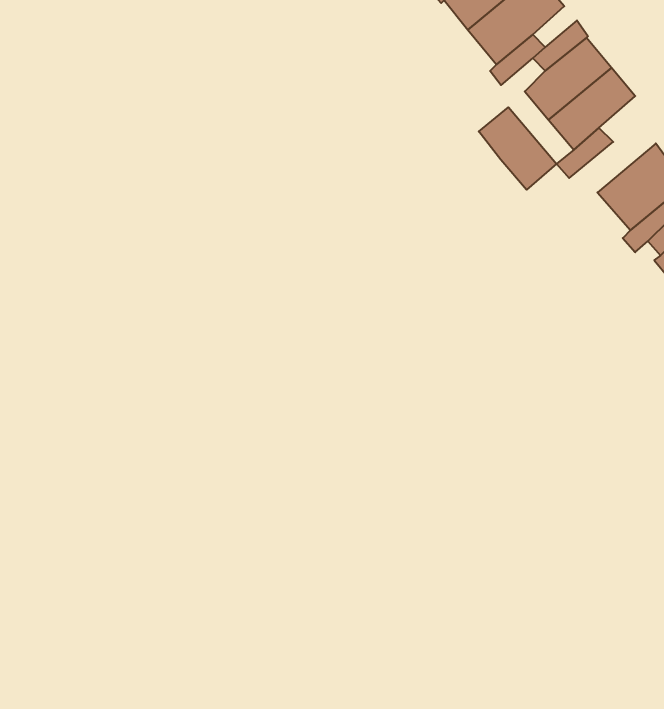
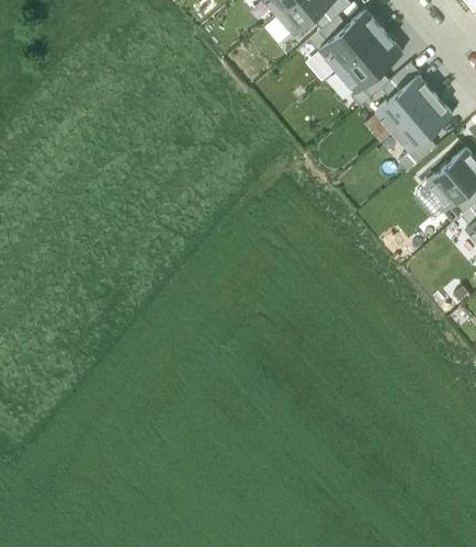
building: [479,107,556,190] -> none

